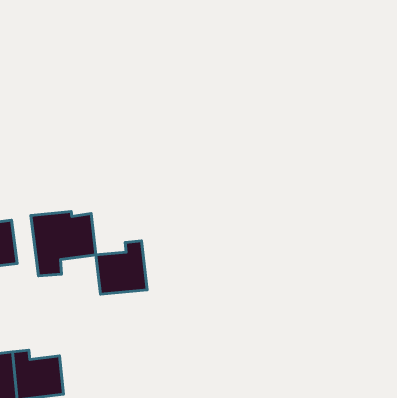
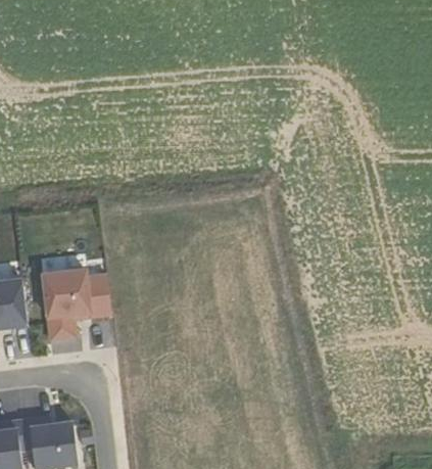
building: [96,241,147,294] -> none

